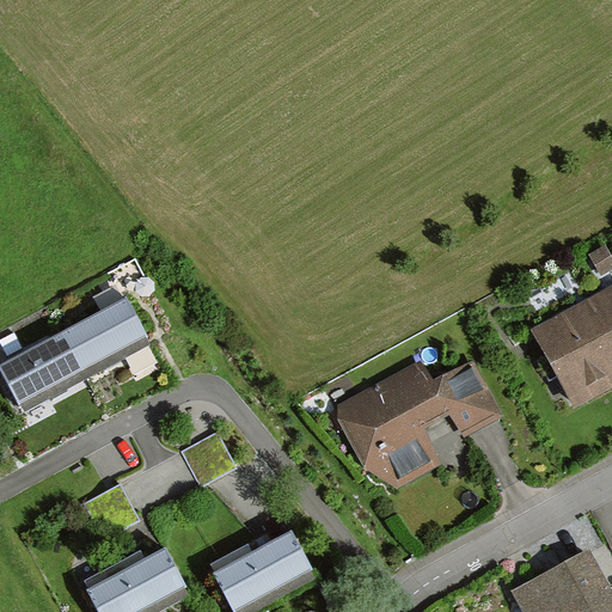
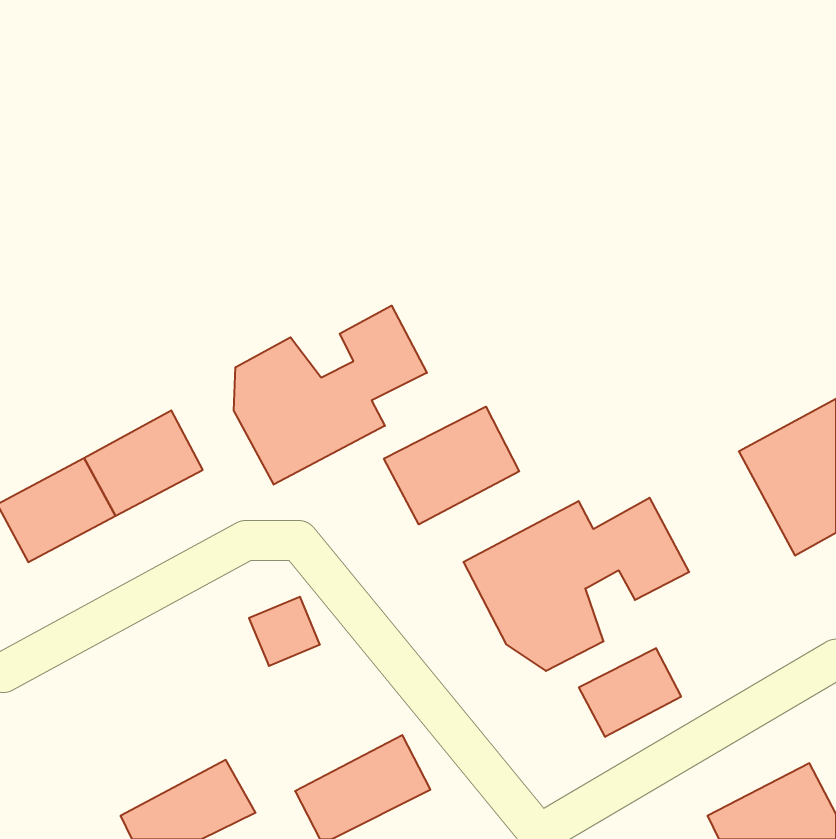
building: none -> [234,306,427,485]
building: none -> [384,407,519,524]
building: none -> [579,648,681,737]

